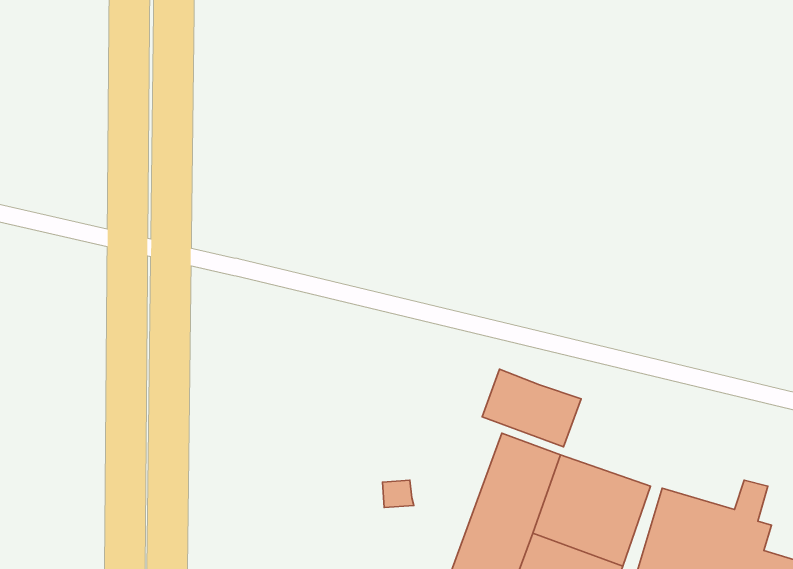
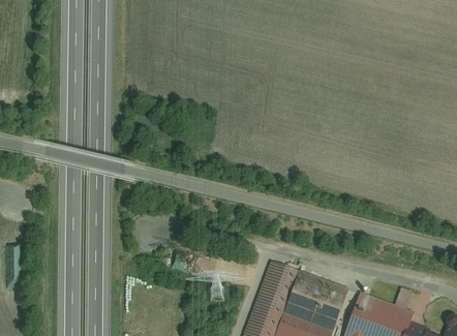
building: [482,369,581,447] -> none

